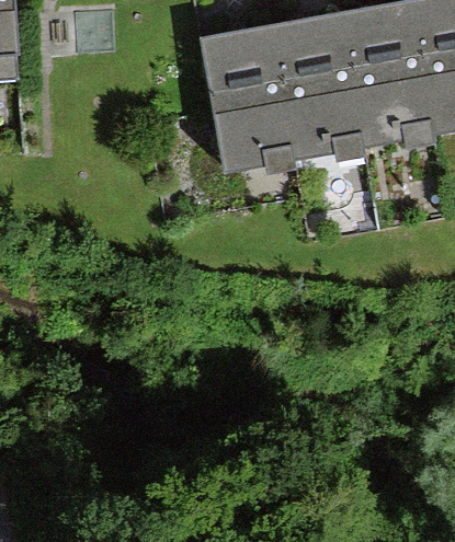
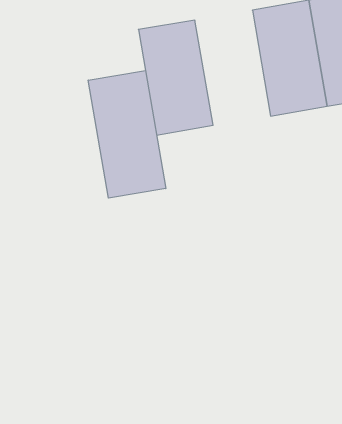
building: [272,15,363,153] -> none
building: none -> [88,71,166,198]

